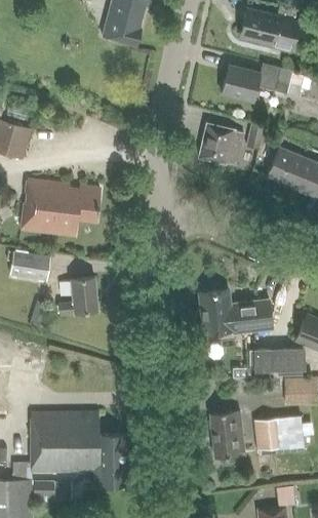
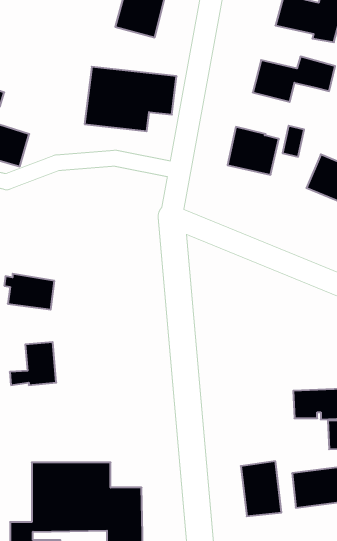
building: [22,180,101,235] -> [85,67,177,131]
building: [57,277,97,314] -> [10,342,56,385]
building: [199,289,273,333] -> none

